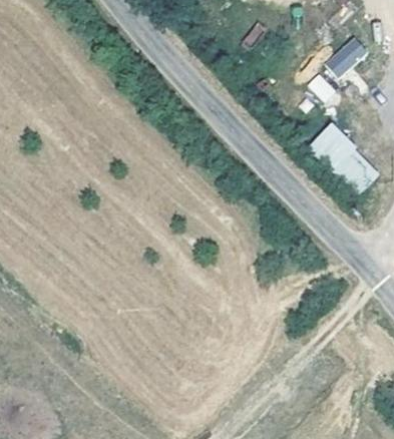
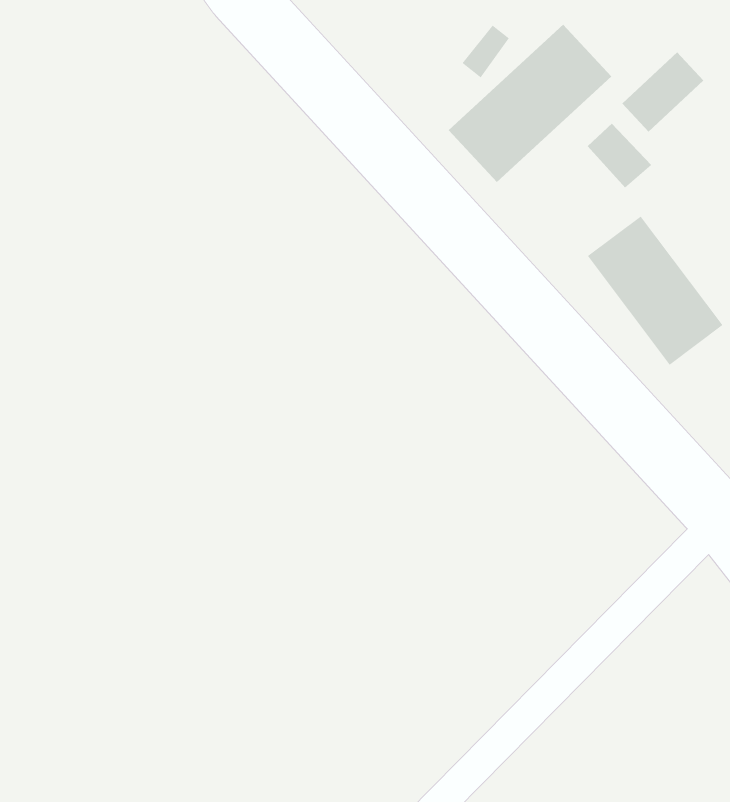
building: none -> [448,24,612,183]

